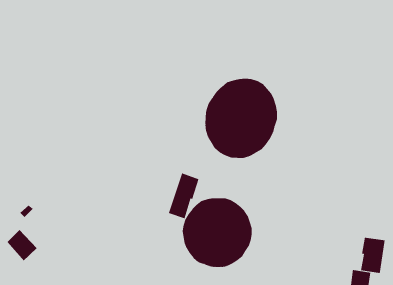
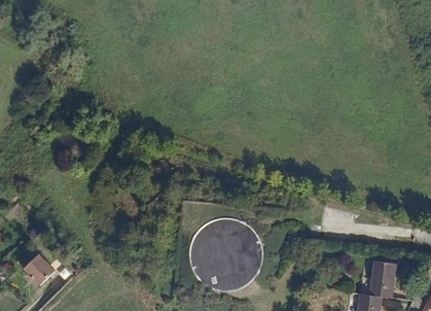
building: [205,78,278,159] -> none
building: [168,173,199,219] -> none

